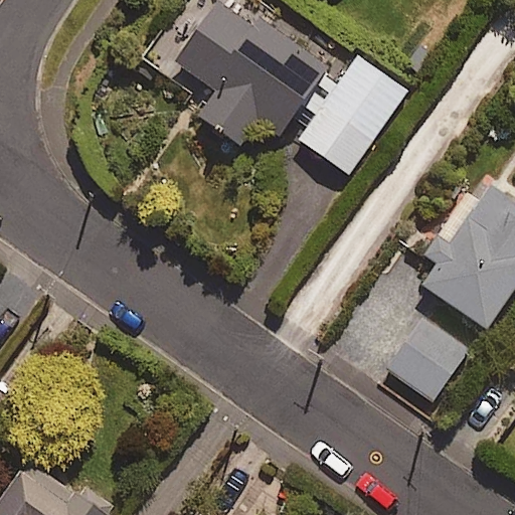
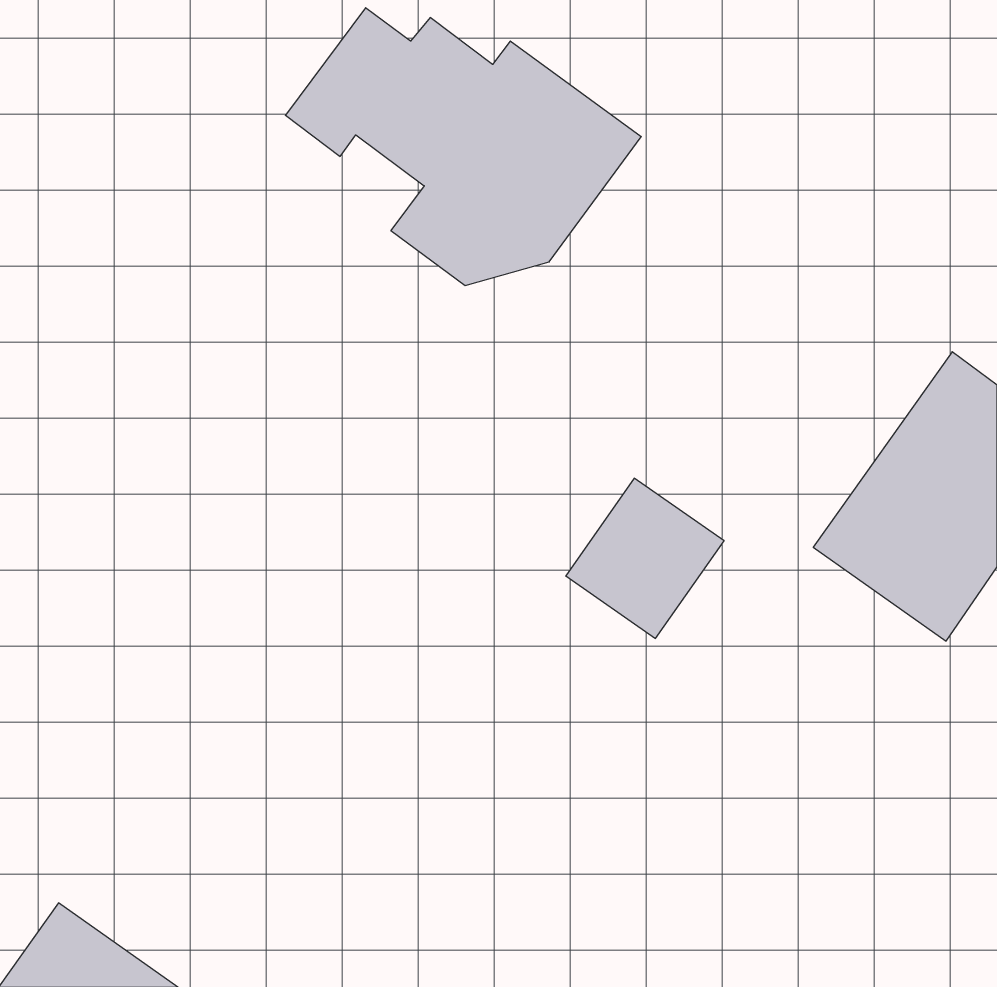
building: [301,55,408,175] -> none
building: [387,319,469,401] -> [566,478,724,638]

